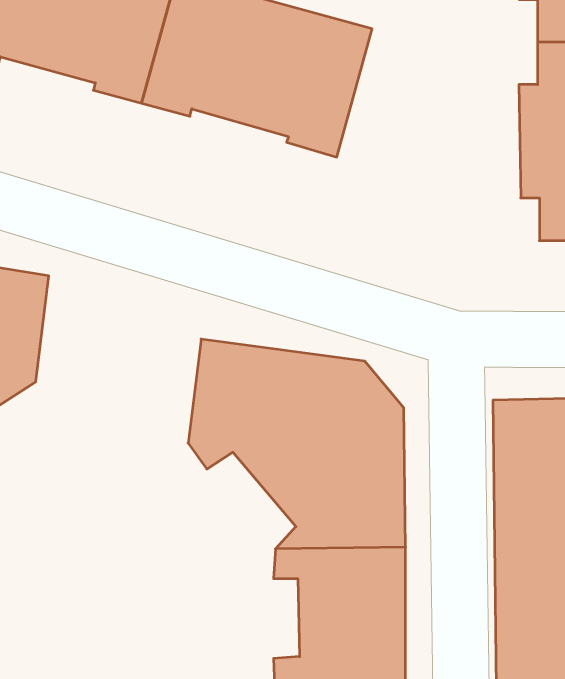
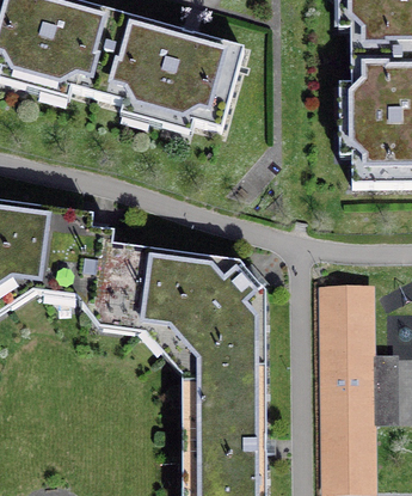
building: none -> [29,208,135,316]

